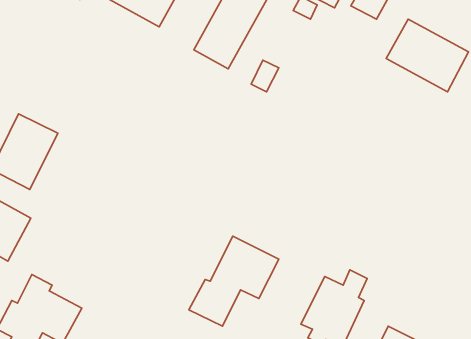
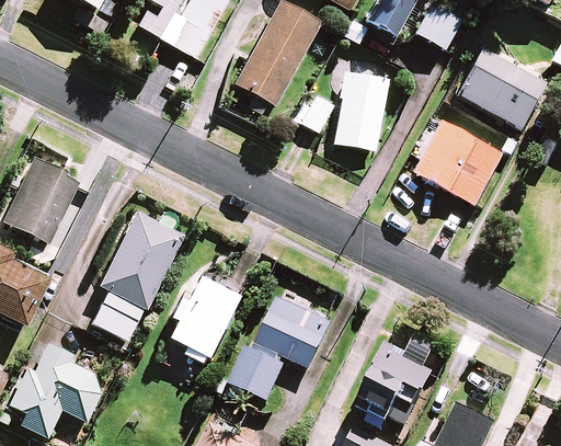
building: none -> [333,72,387,150]
building: none -> [412,121,503,205]
building: none -> [92,211,183,340]
building: none -> [167,274,244,367]

